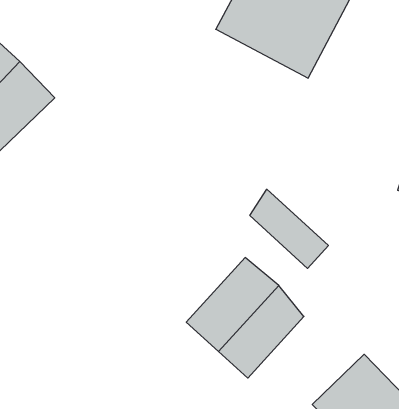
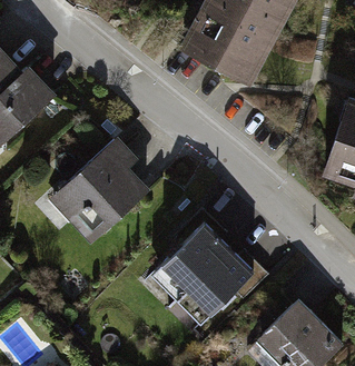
building: none -> [55,148,150,243]
building: [250,189,328,268] -> none

